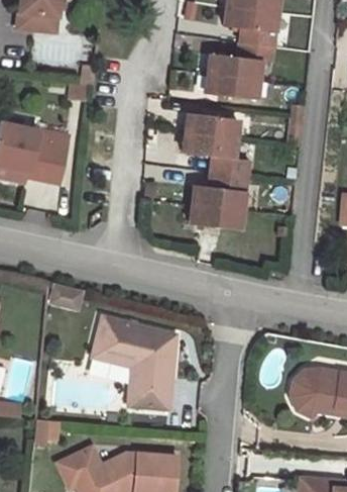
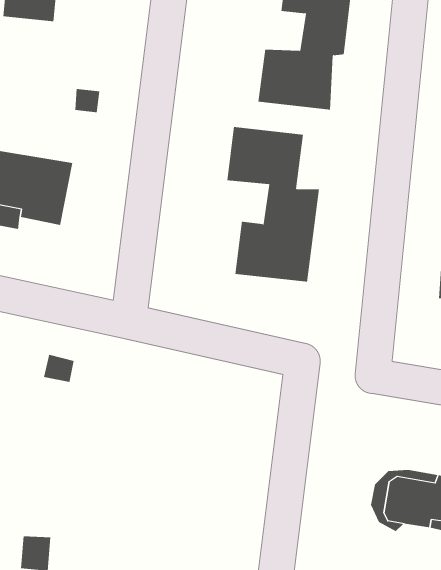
building: [93,316,177,408] -> none

